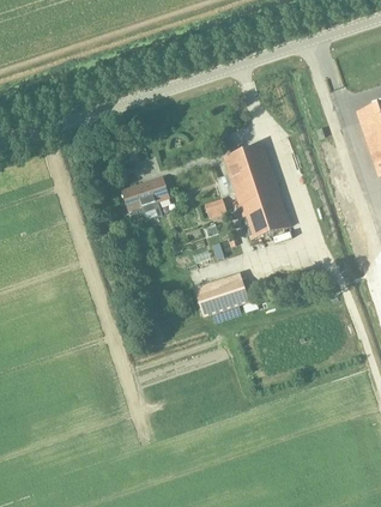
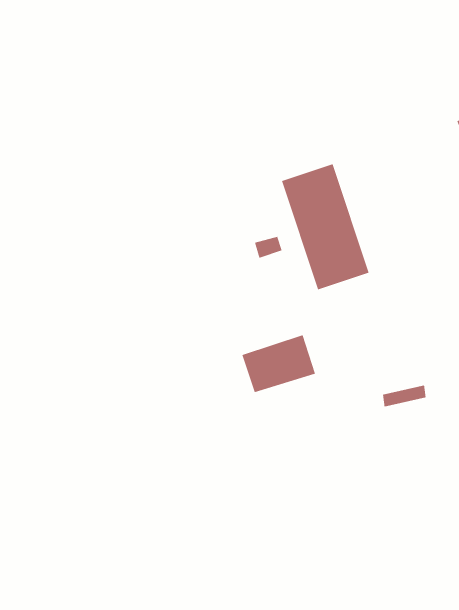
building: [121,176,169,211] -> none

